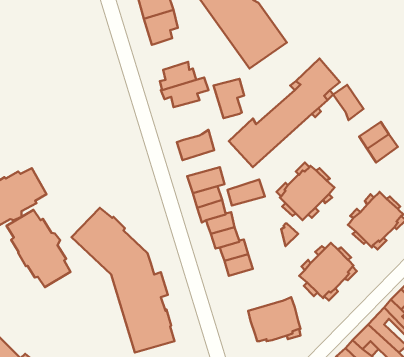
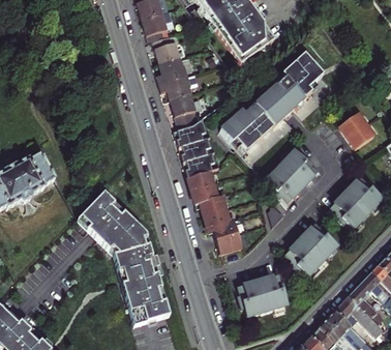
building: none -> [153,35,183,64]
building: [213,79,244,118] -> [170,92,198,128]
building: [333,85,363,120] -> none
building: [227,179,265,206] -> [178,138,212,162]
building: [6,210,70,287] -> none

